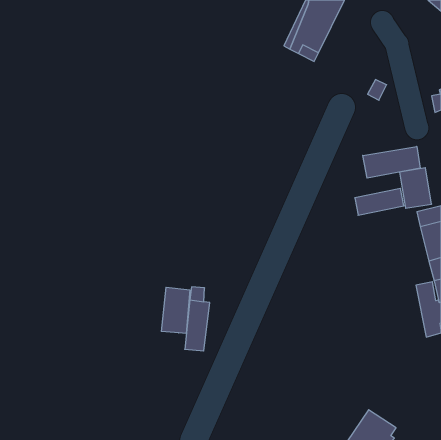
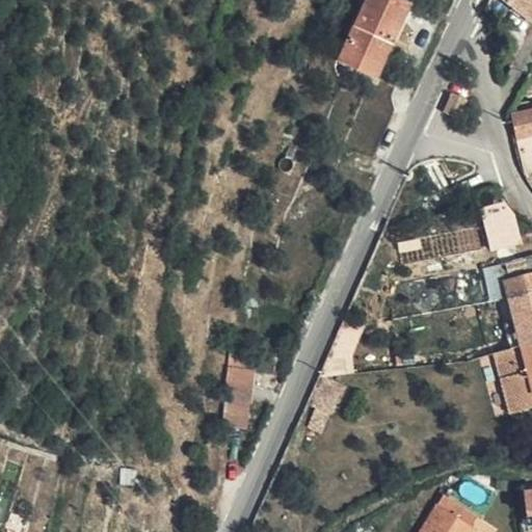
building: [363,146,420,178] -> none
building: [161,287,190,334] -> none

